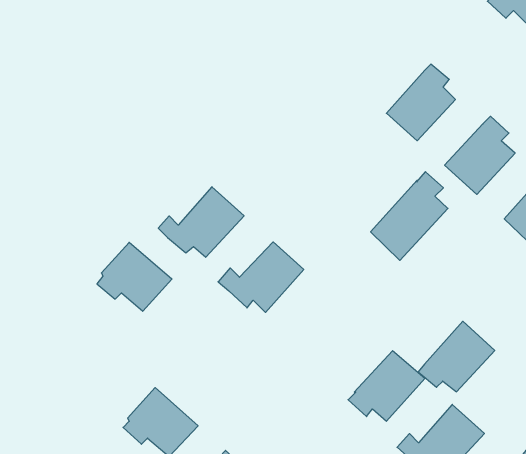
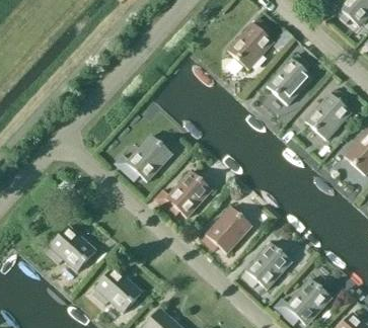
building: none -> [228,18,274,69]
building: [371,172,448,260] -> none
building: [97,242,172,311] -> [47,226,96,271]
building: [418,321,495,392] -> [202,207,252,253]

